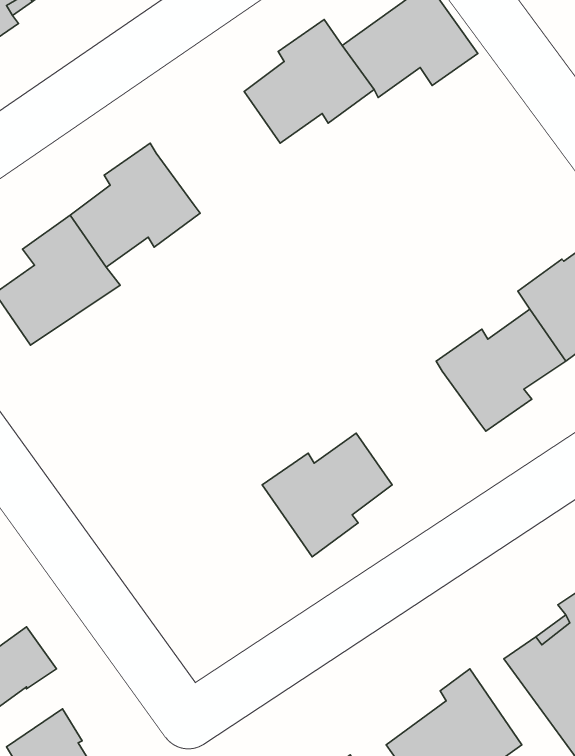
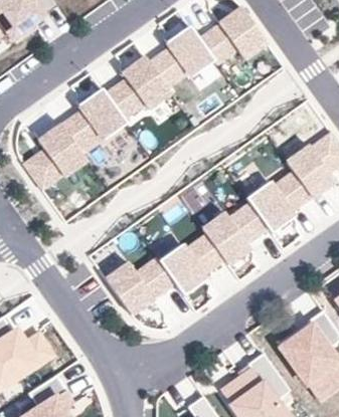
building: none -> [104,58,169,121]
building: none -> [201,204,267,266]
building: none -> [105,258,173,316]

